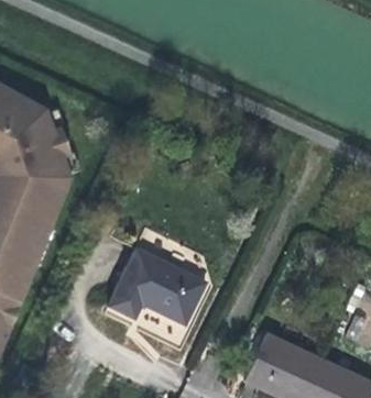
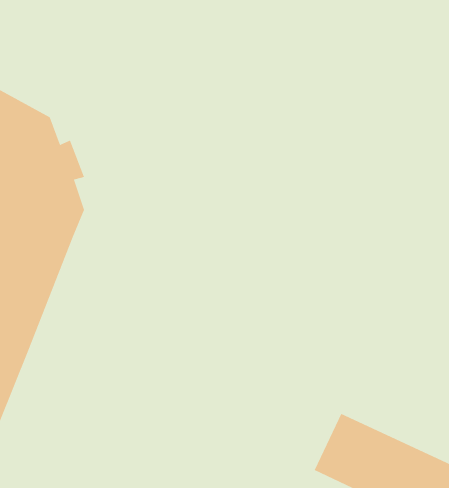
building: [110,250,204,322] -> none

